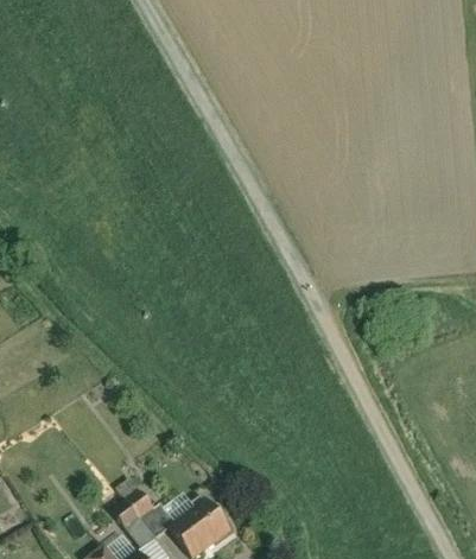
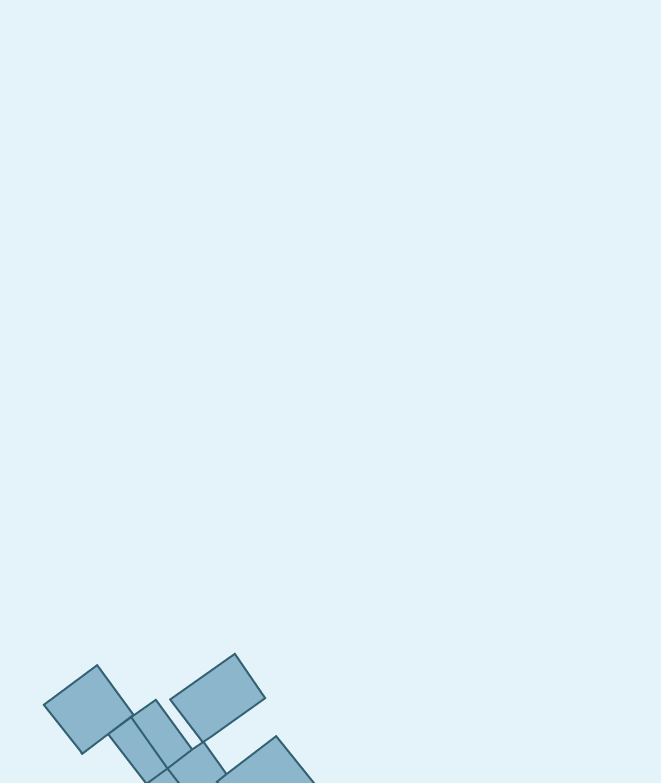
building: none -> [170,654,265,743]
building: none -> [44,665,133,754]

